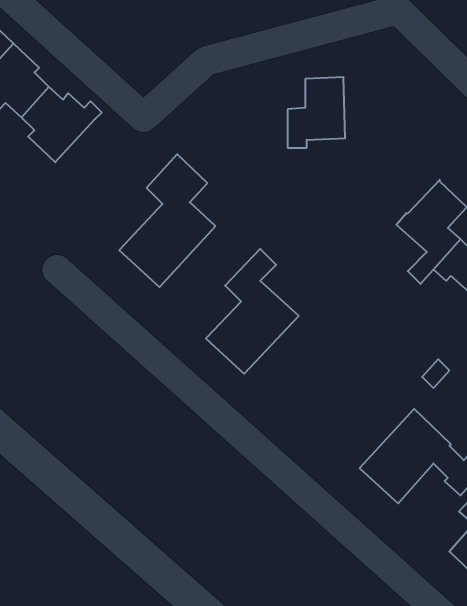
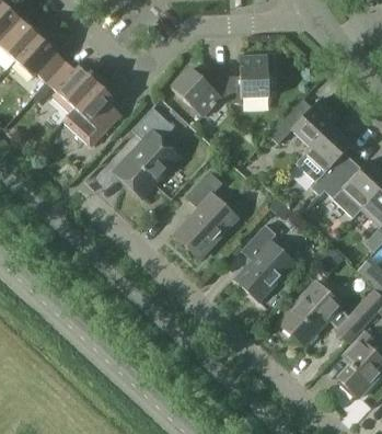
building: none -> [171,67,229,115]
building: none -> [65,78,120,144]
building: none -> [269,98,340,147]
building: none -> [233,225,294,301]

